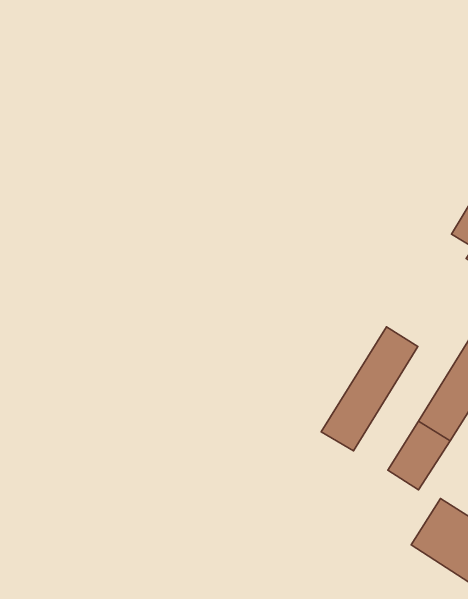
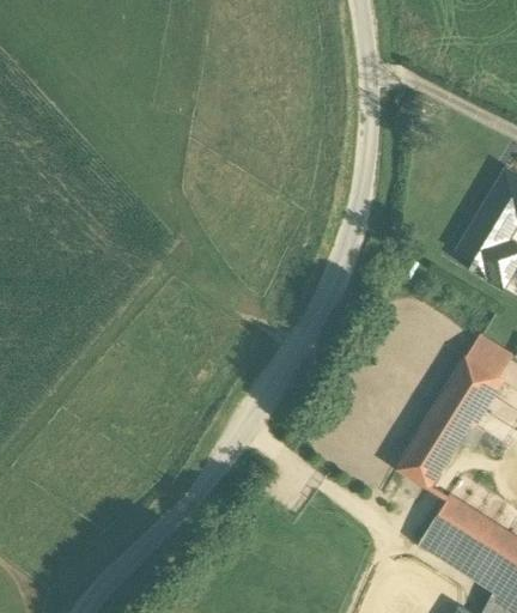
building: [321,327,418,451] -> none

